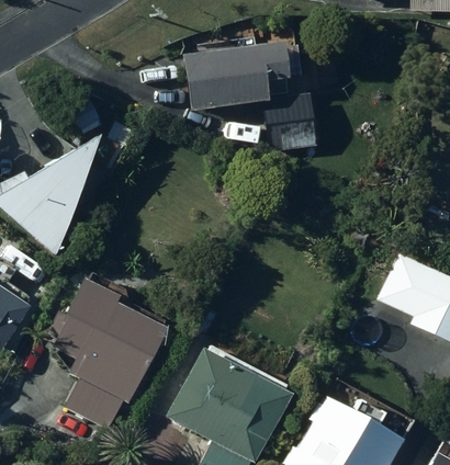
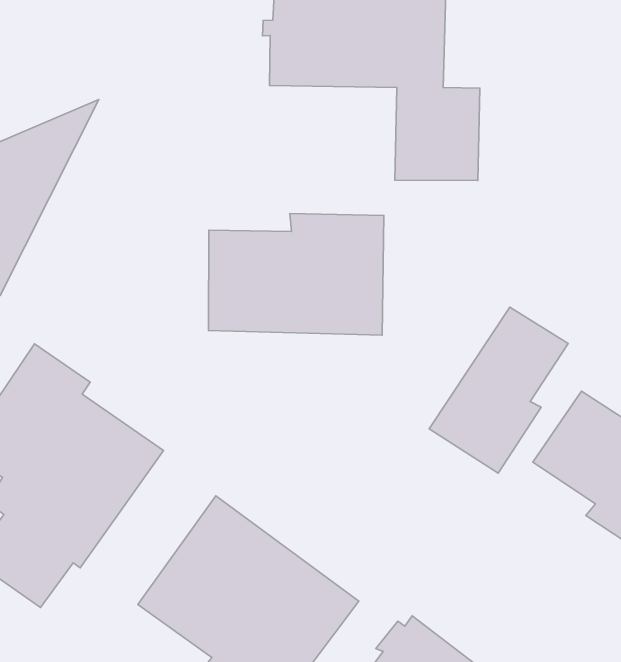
building: none -> [209,214,384,335]
building: none -> [429,307,568,473]

